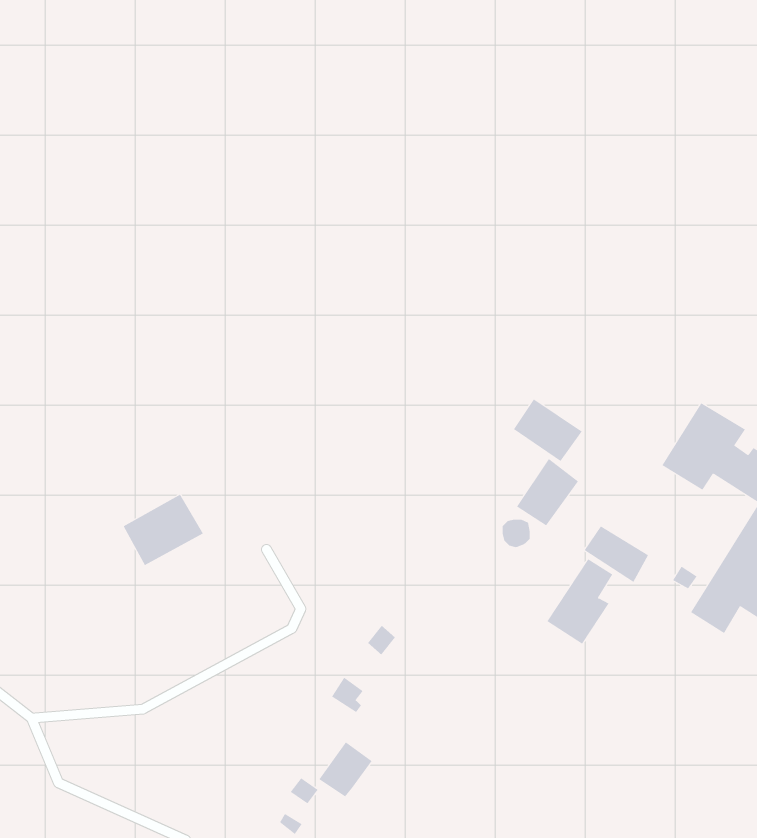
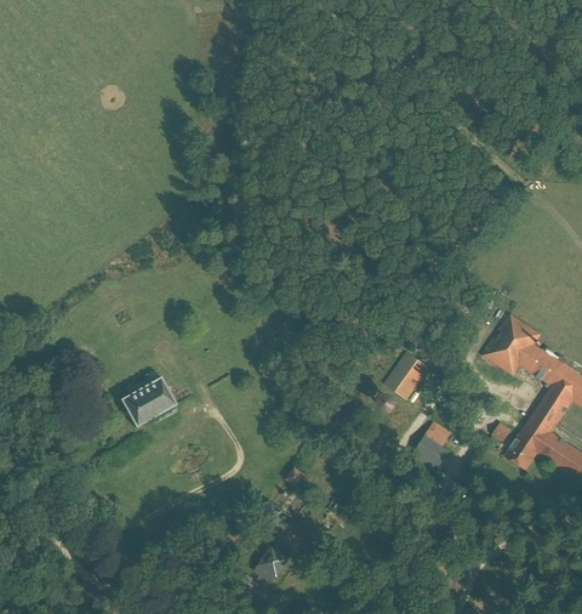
building: [513,399,583,462] -> none
building: [584,526,649,583] -> none

